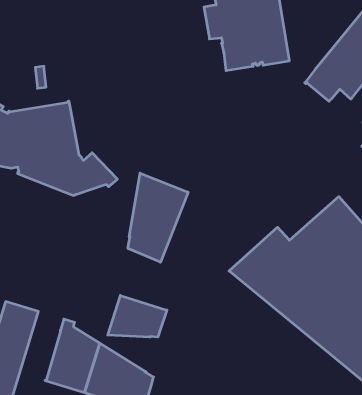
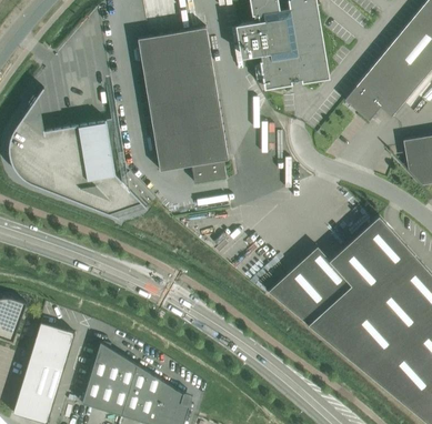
building: none -> [138,28,228,183]
building: [128,173,188,262] -> none
building: [108,295,167,337] -> none

